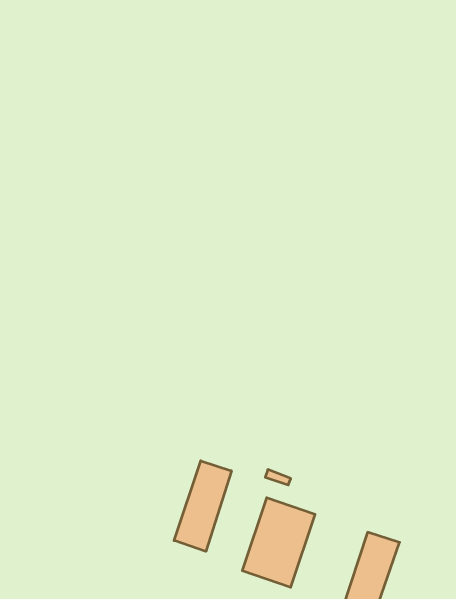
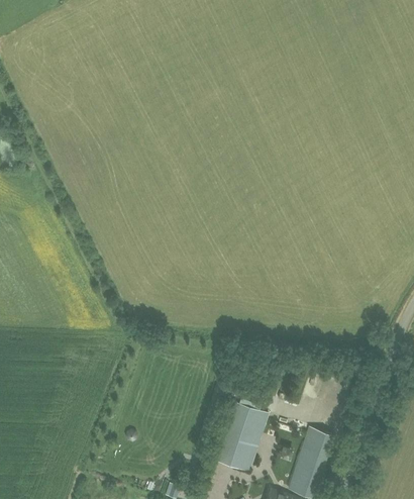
building: [174,461,231,551] -> none

